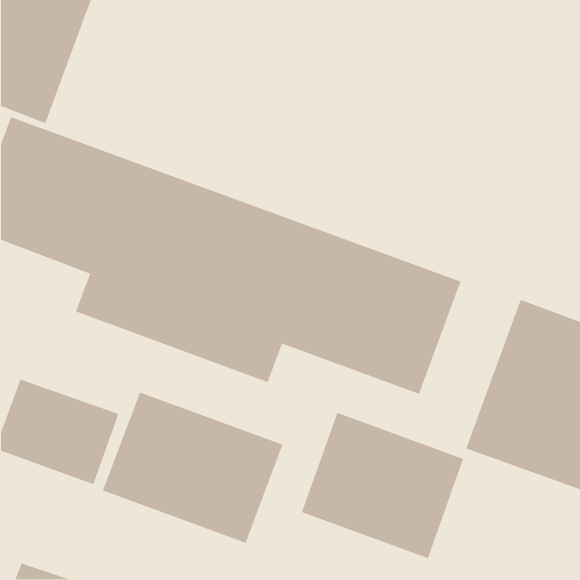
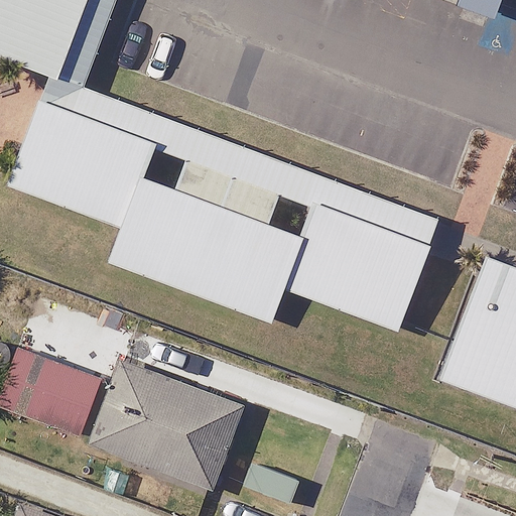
building: [301,412,464,559] -> none

